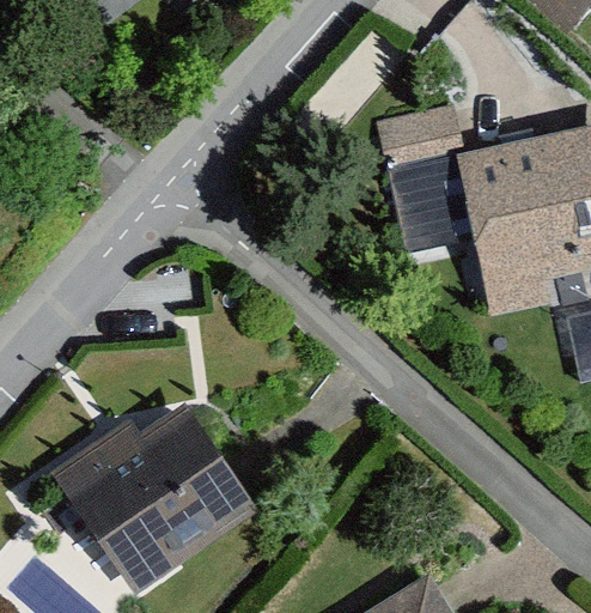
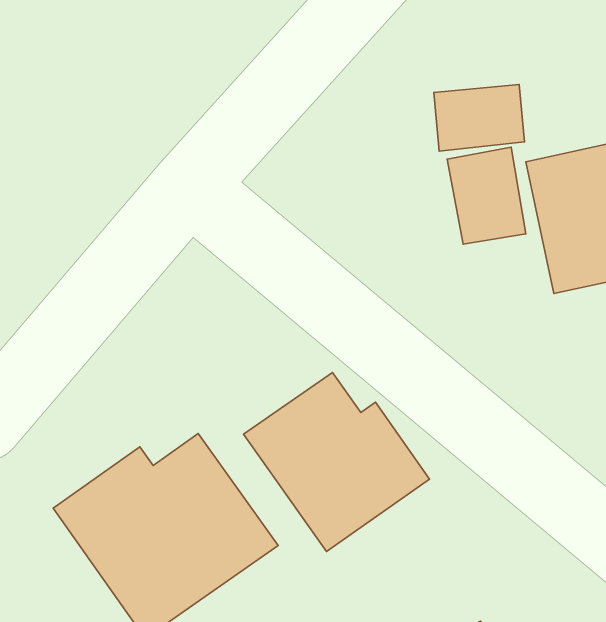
building: none -> [244,372,429,552]

